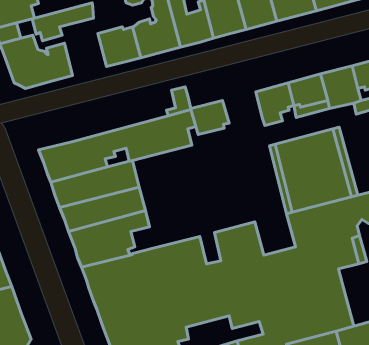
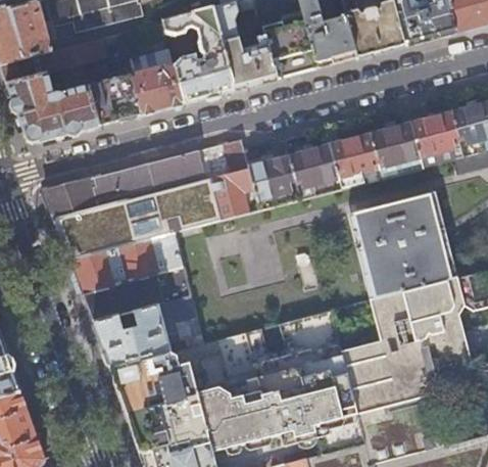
building: none -> [88,67,141,125]
building: none -> [287,145,337,199]
building: none -> [45,150,203,219]

